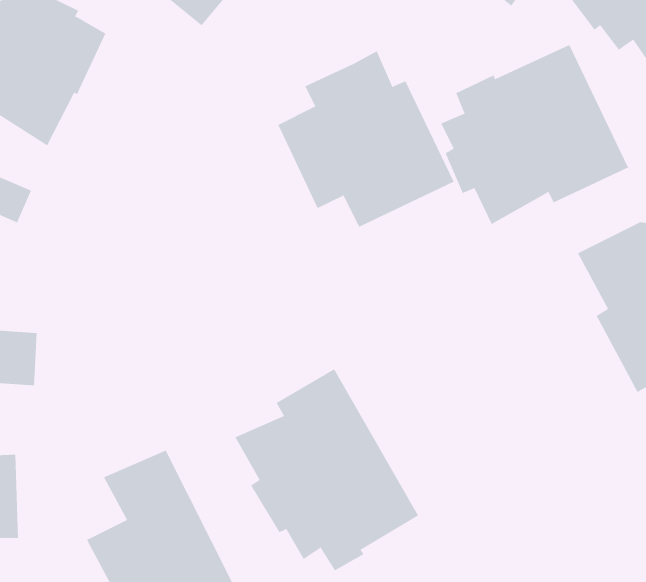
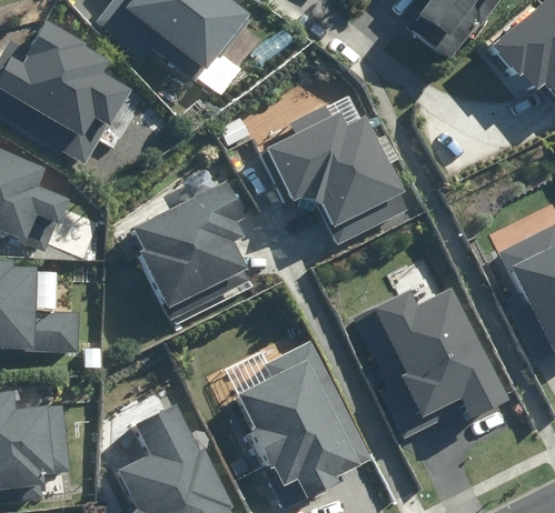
building: [441,44,629,225] -> none
building: none -> [126,183,250,312]
building: none -> [369,285,512,428]

